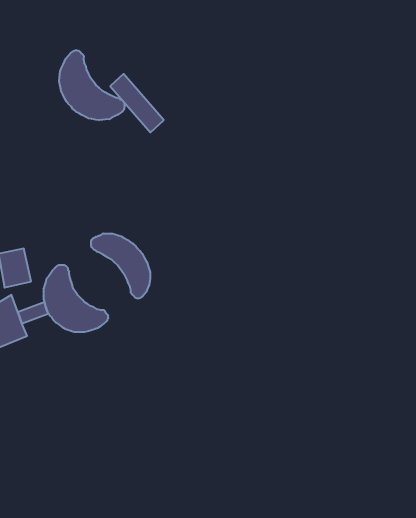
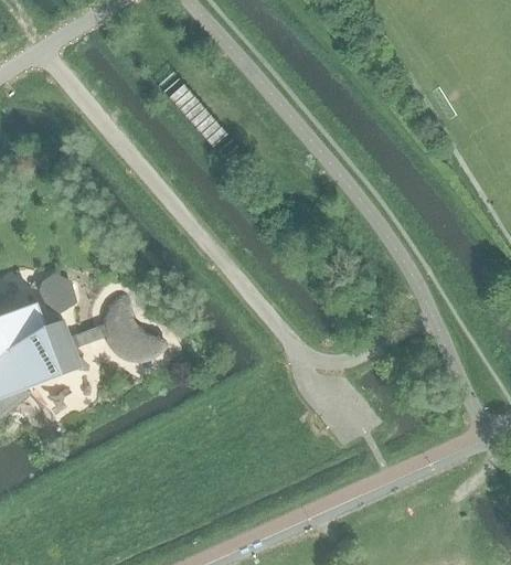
building: [59,50,125,120] -> none
building: [91,233,150,299] -> none

